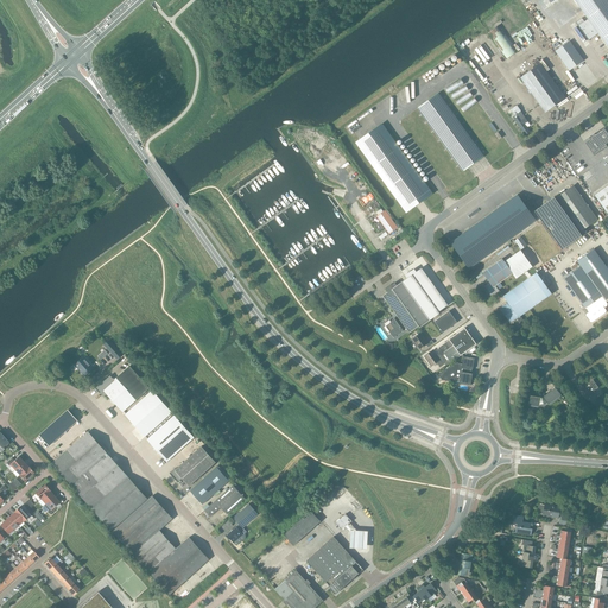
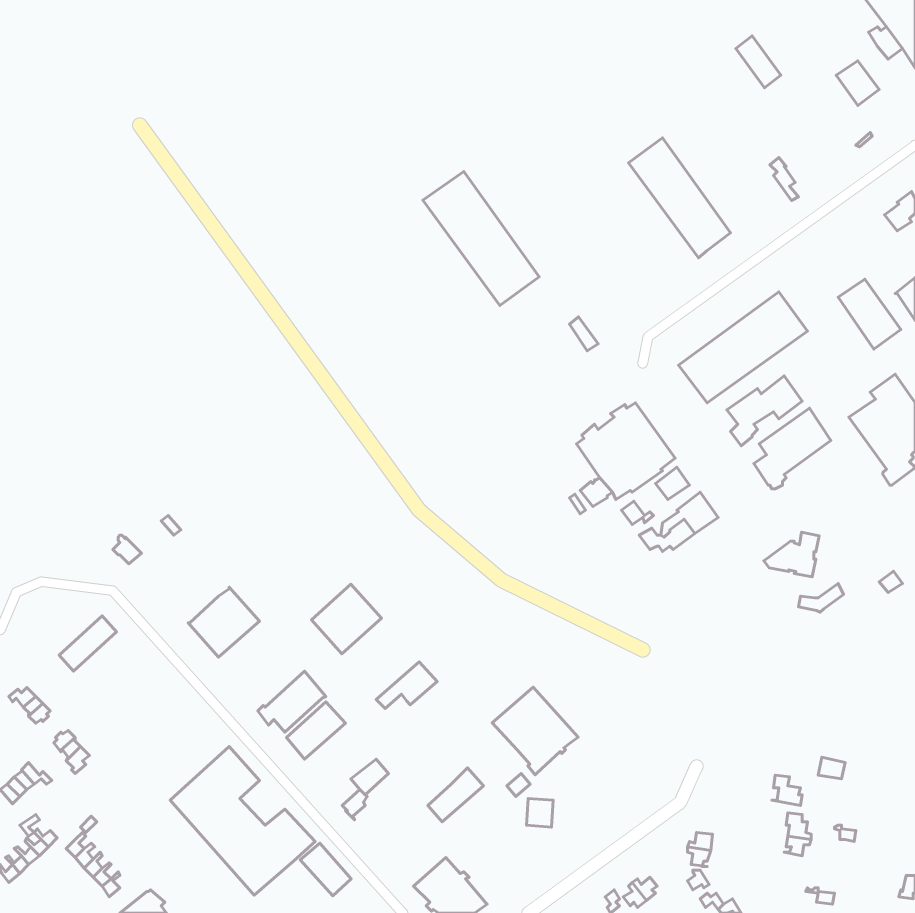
building: [520,63,565,112] -> none
building: [355,122,432,211] -> [423,171,539,306]
building: [534,196,582,249] -> none
building: [438,355,475,385] -> [764,532,819,577]
building: [96,365,152,411] -> none
building: [147,414,194,461] -> [312,584,381,654]
building: [52,431,150,530] -> none
building: [204,484,245,515] -> [376,662,437,708]
building: [306,536,363,594] -> [492,687,578,775]
building: none -> [300,843,351,896]

